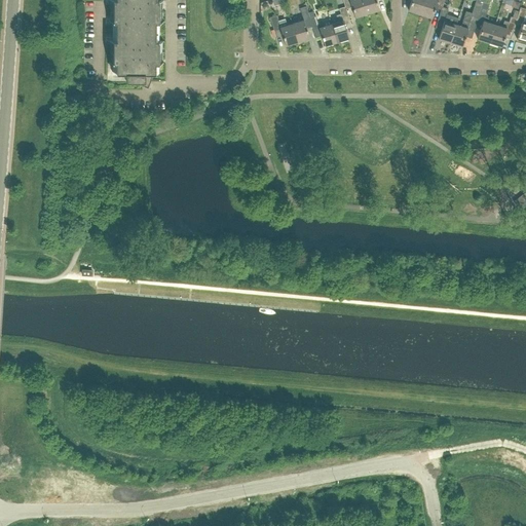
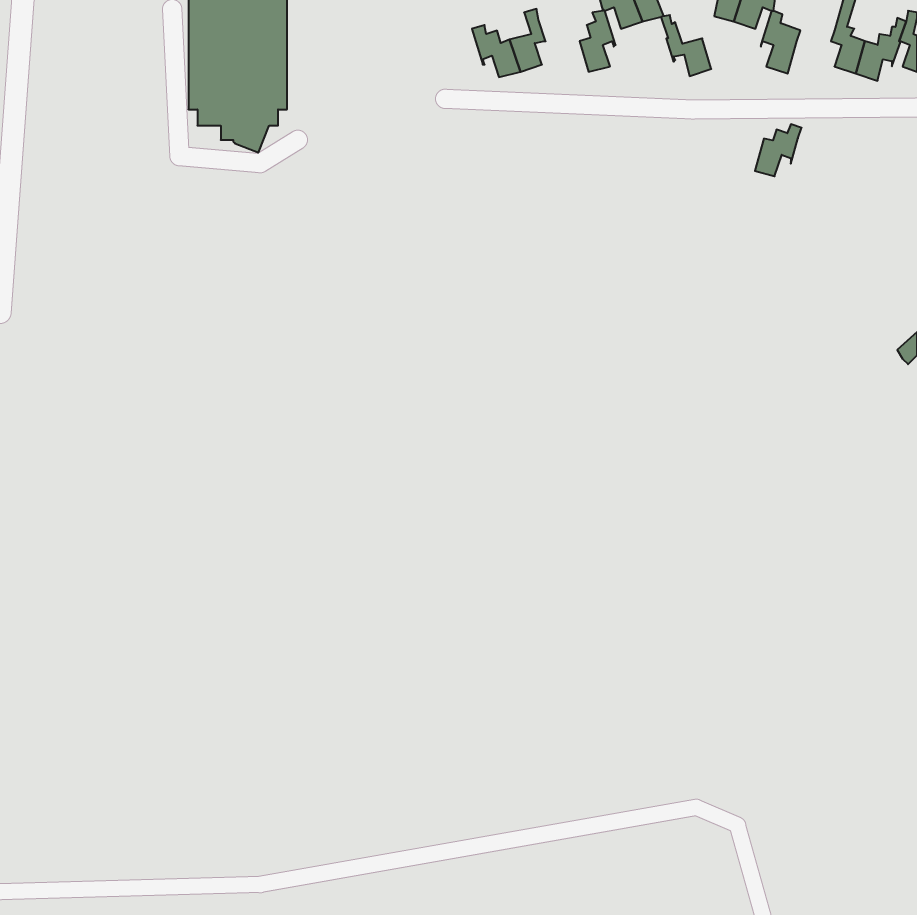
building: [308,10,337,45] -> [661,15,711,76]
building: [451,15,478,45] -> [755,124,802,176]

